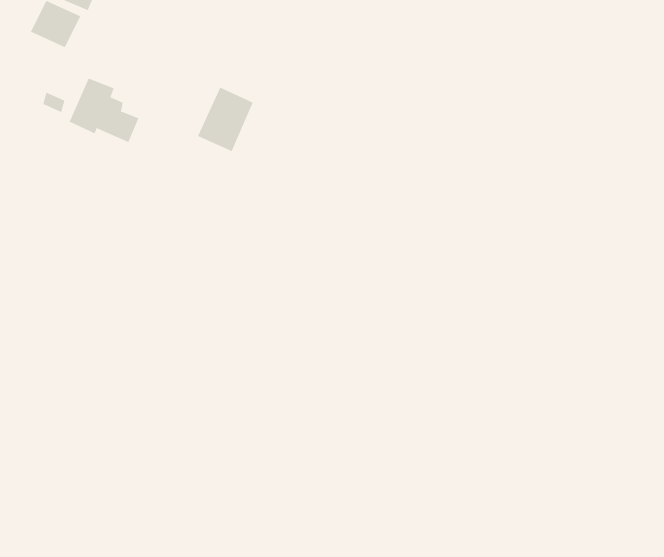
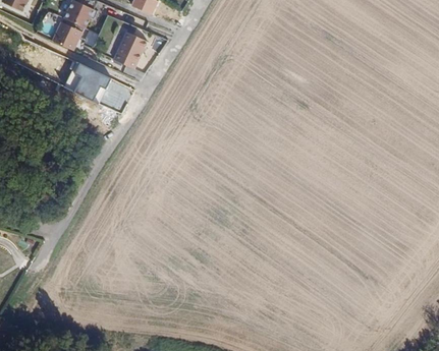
building: [197,87,253,152] -> [116,31,149,68]

